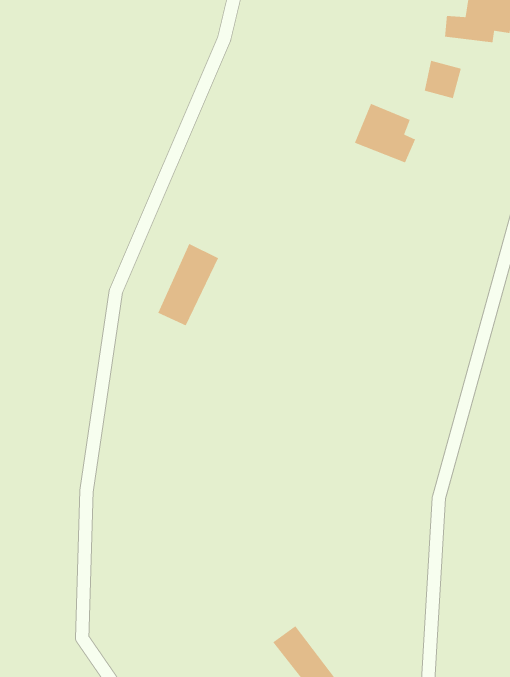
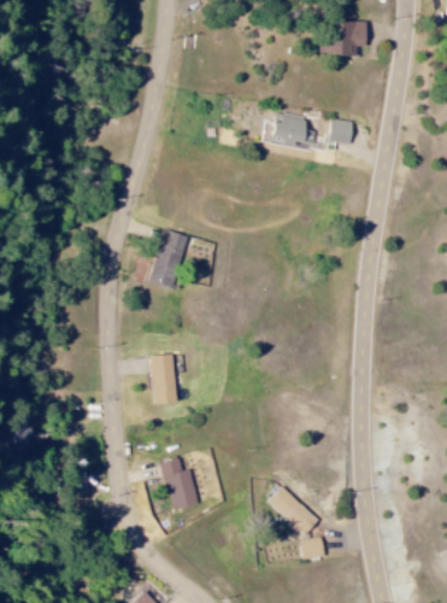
building: [424,60,462,99] -> [328,119,352,145]
building: none -> [151,353,175,403]
building: none -> [163,459,196,509]

